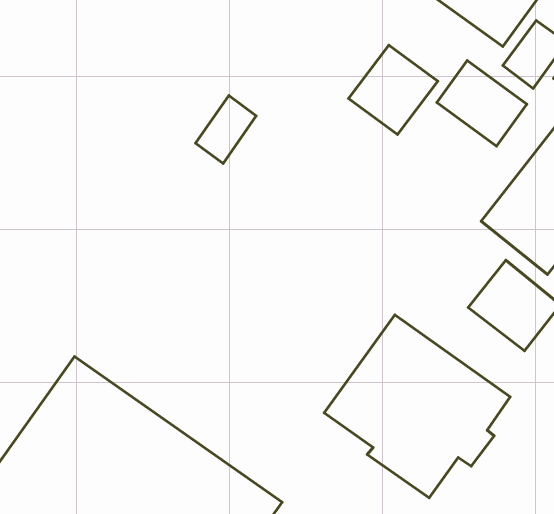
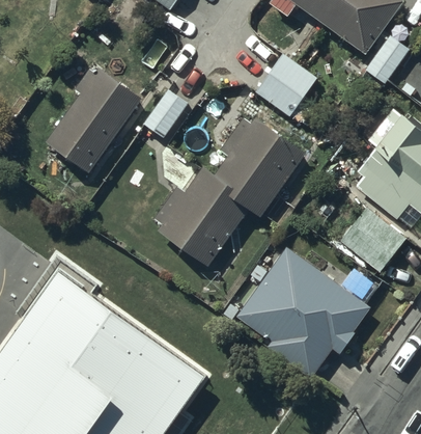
building: [437,60,527,146] -> none
building: none -> [46,63,142,172]
building: none -> [155,115,305,265]

